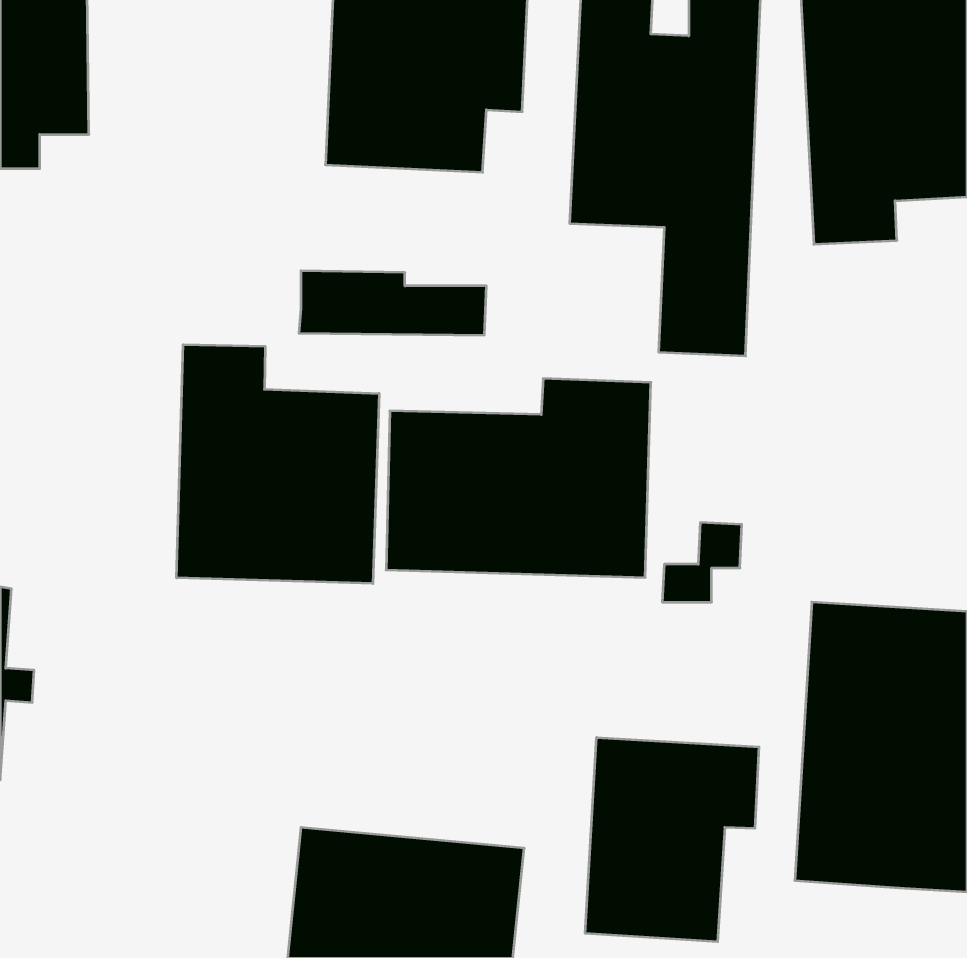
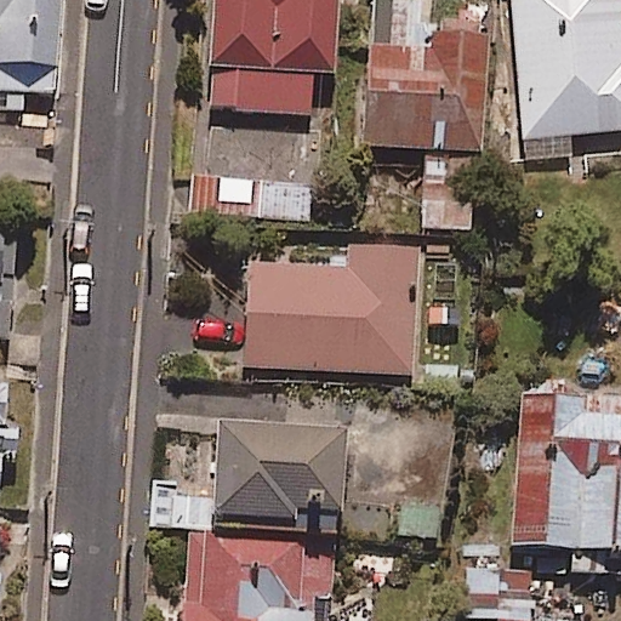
building: [177,345,379,584] -> none
building: none -> [150,426,344,535]
building: [585,737,759,942] -> none

